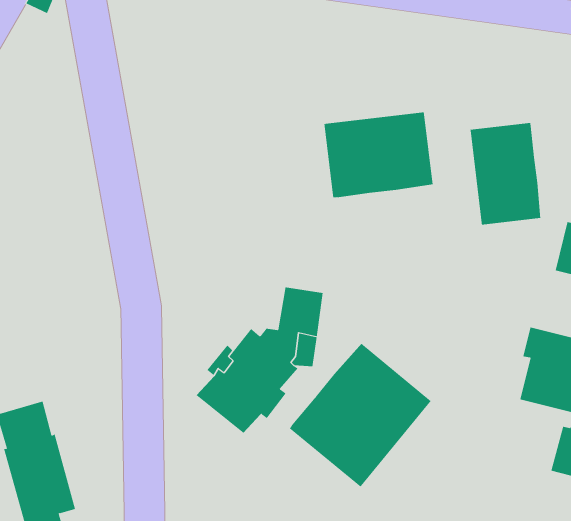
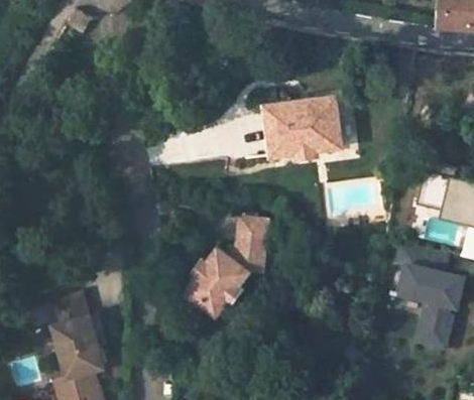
building: [470,122,541,225] -> none
building: [289,343,432,488] -> none

